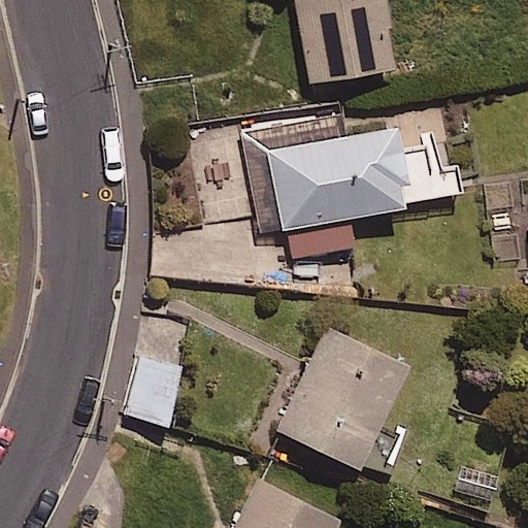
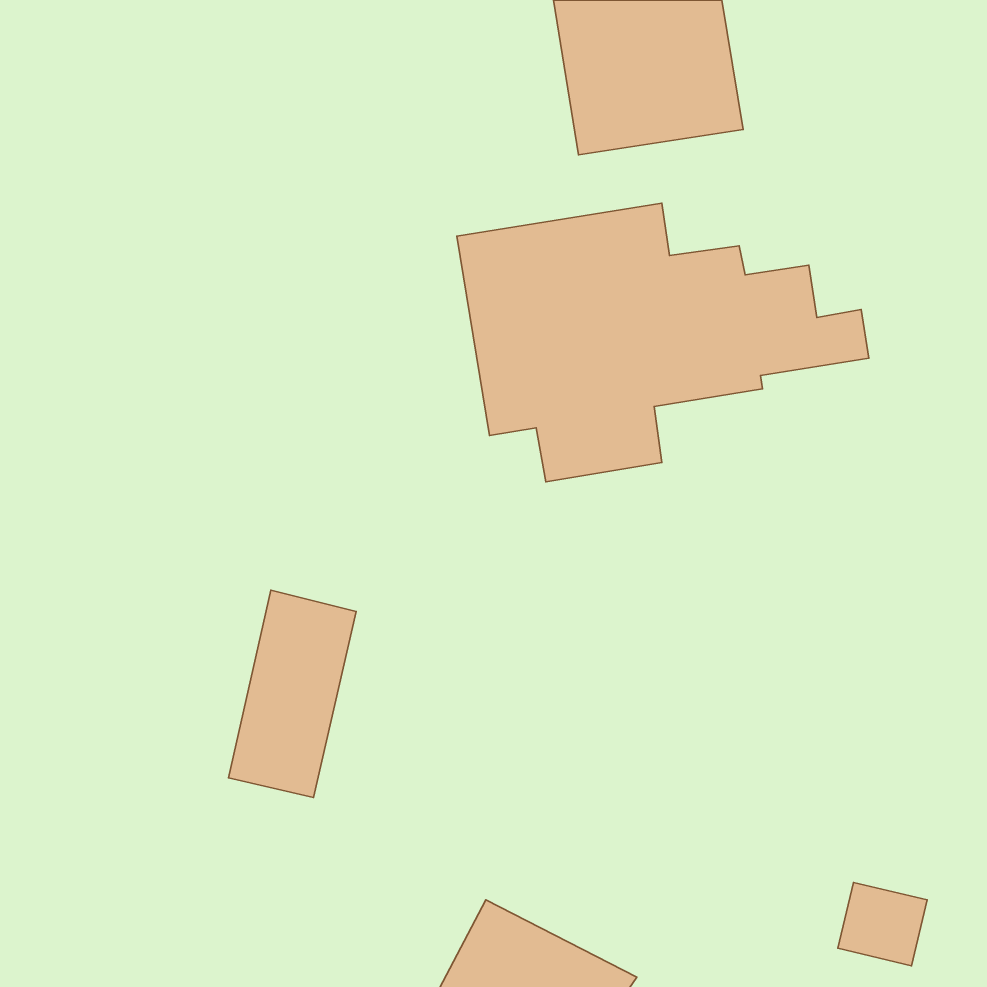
building: [278,329,410,485] -> none

